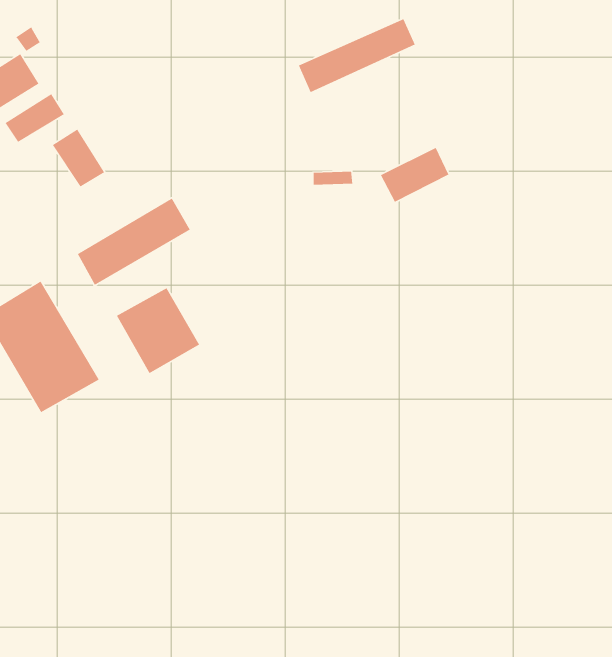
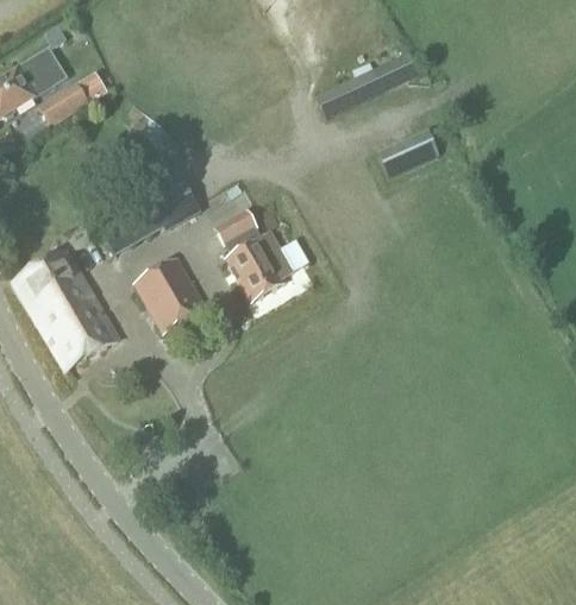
building: [298,18,416,93] -> [315,51,420,118]
building: [52,129,105,187] -> none
building: none -> [214,210,292,301]

